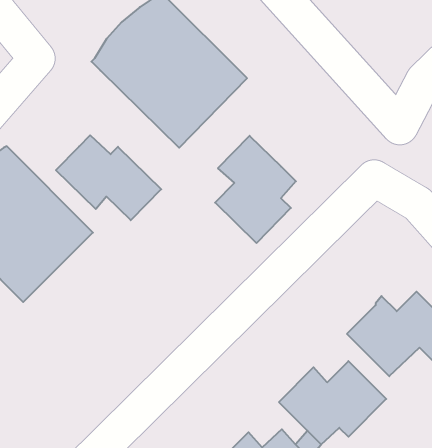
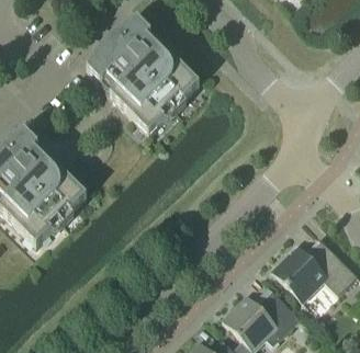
building: [56,135,161,220] -> none
building: [215,136,296,243] -> none

